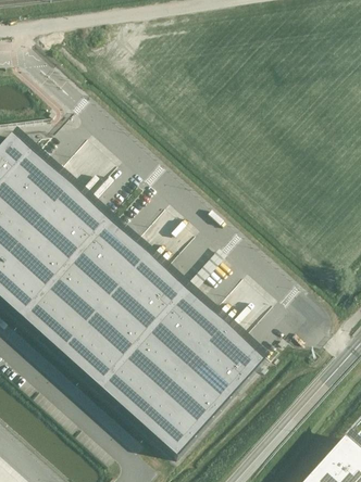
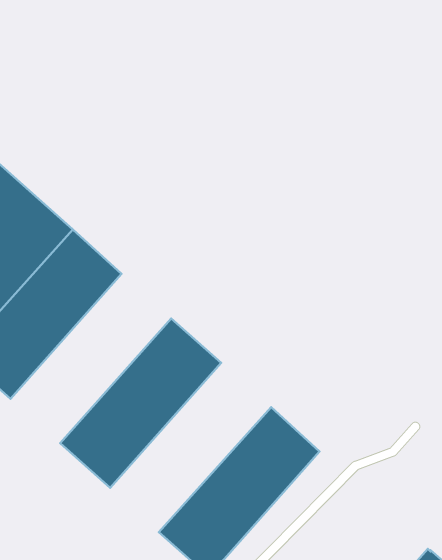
building: [22,220,148,353] -> none
building: [100,290,226,422] -> none

